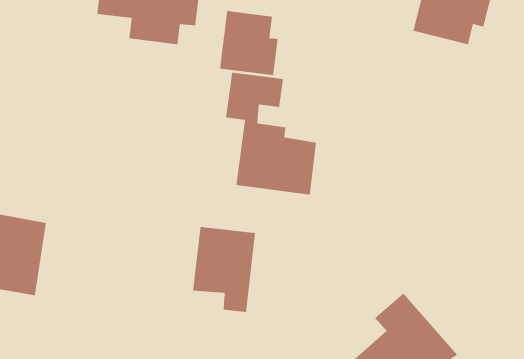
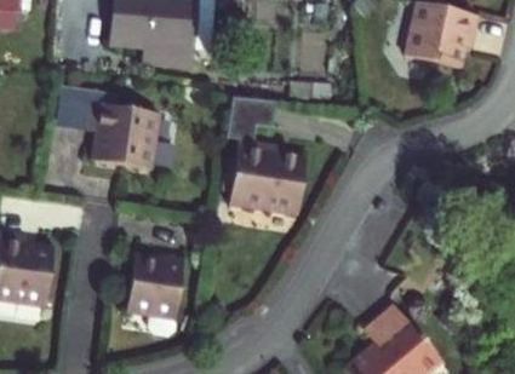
building: [219,10,279,76] -> none
building: none -> [59,100,156,169]
building: [192,226,256,313] -> [127,251,188,333]

